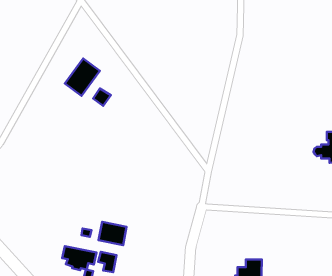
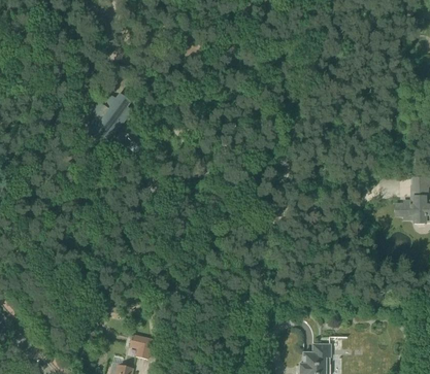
building: [99,222,127,245] -> none
building: [62,246,96,270] -> none

